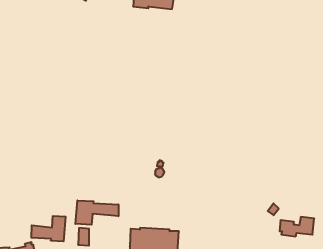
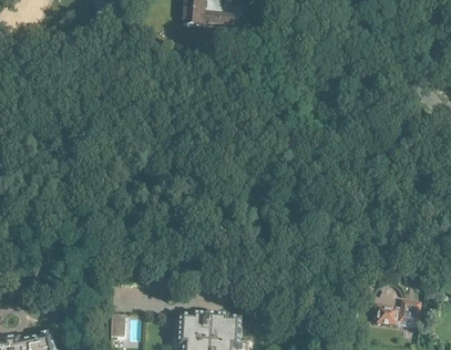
building: [75,200,118,225] -> none
building: [31,216,66,241] -> none

